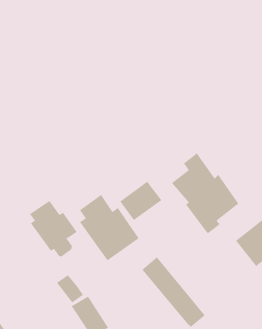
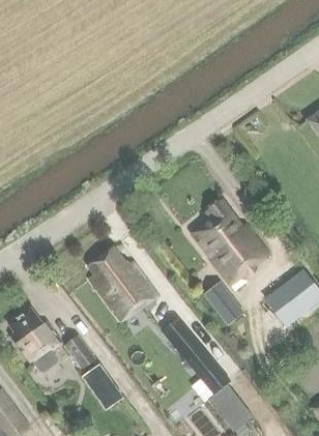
building: [120,181,162,221] -> none
building: [29,200,78,257] -> [8,307,62,370]
building: none -> [203,288,242,325]

